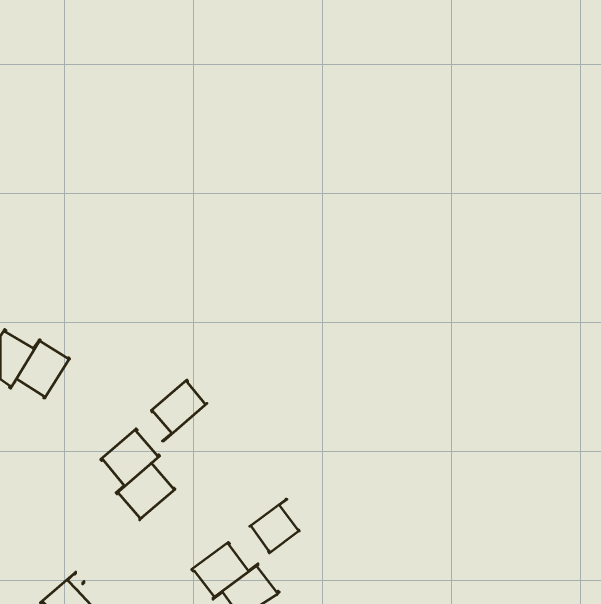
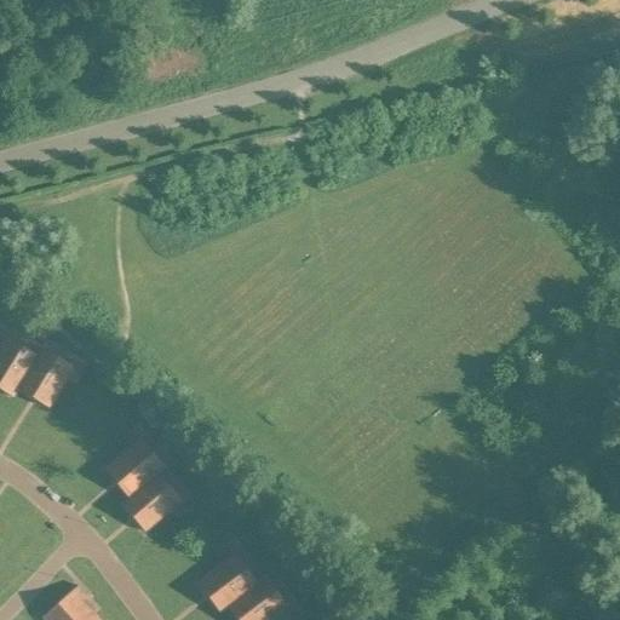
building: [151,380,207,441] -> none
building: [250,499,299,553] -> none

